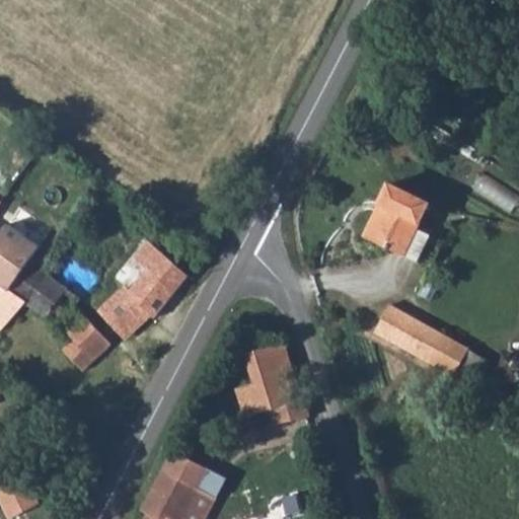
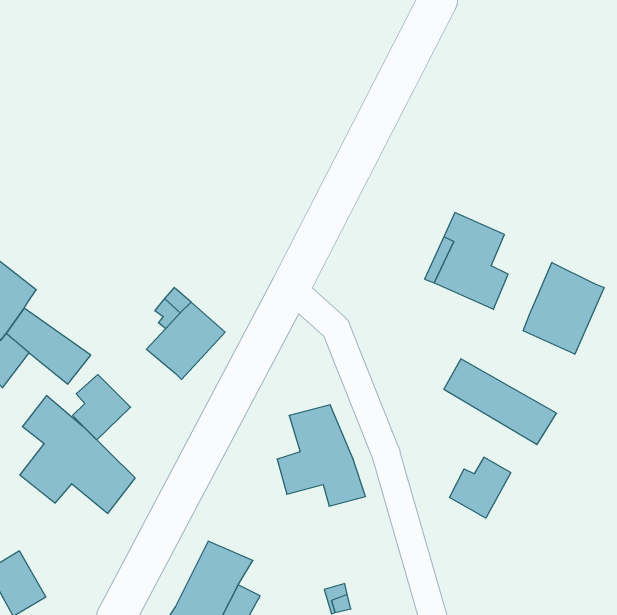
building: none -> [523,262,604,354]
building: [100,292,147,337] -> none
building: none -> [20,395,135,513]
building: none -> [450,457,511,518]

